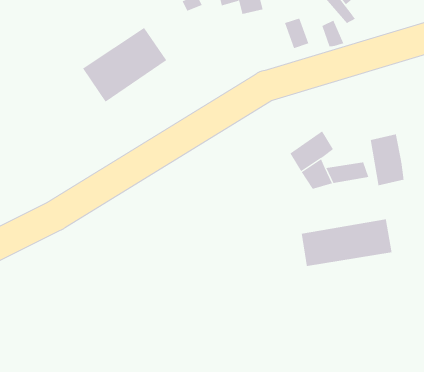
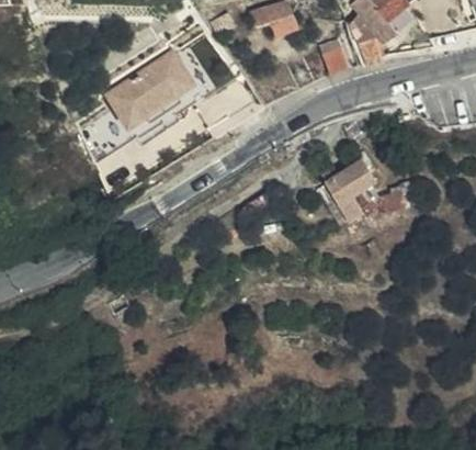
building: [370,134,404,186] -> none
building: [301,219,392,267] -> none

